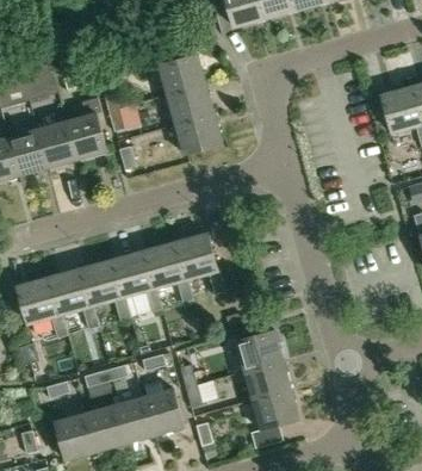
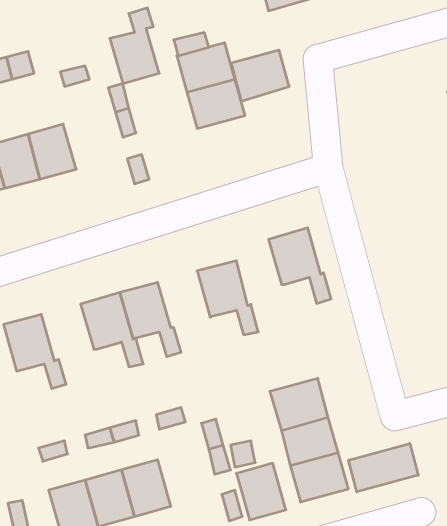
building: [66,95,106,157] -> [110,8,159,83]
building: [175,113,223,155] -> [231,50,289,101]
building: [143,241,194,303] -> [269,228,331,303]
building: [48,268,99,329] -> none
building: none -> [349,443,418,492]
building: [143,388,184,434] -> [236,463,286,520]

